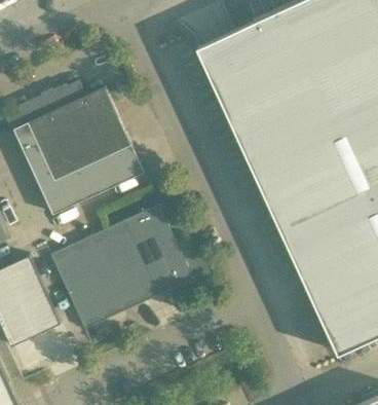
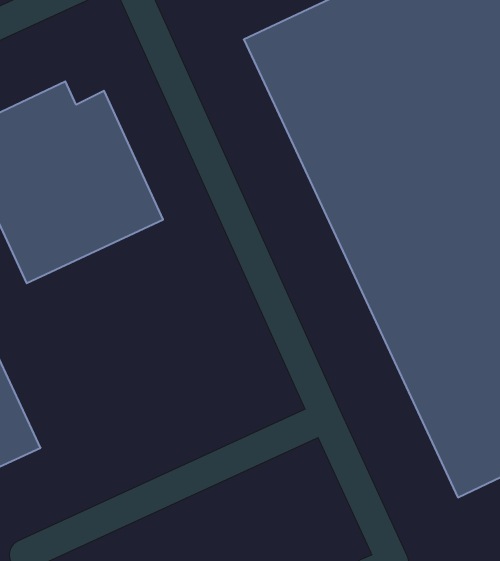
building: [49,204,192,328] -> none

